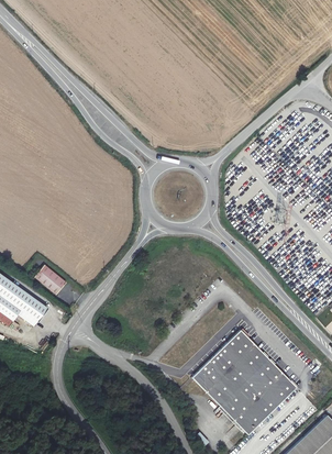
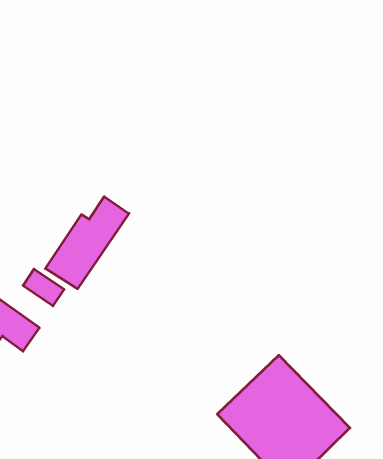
building: none -> [45,197,129,289]

